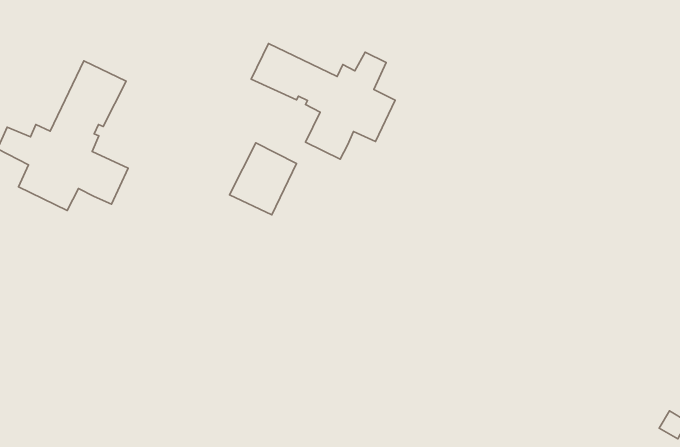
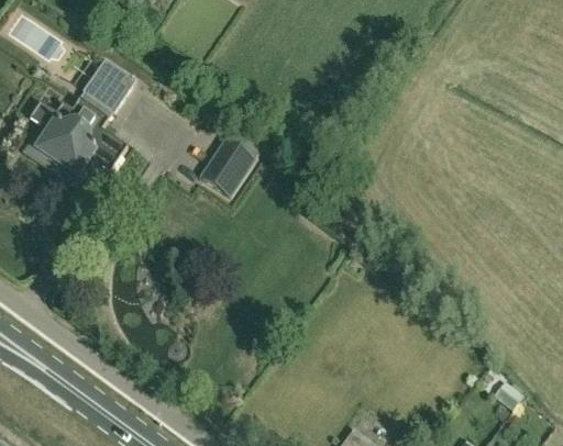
building: [251,43,395,159] -> none

